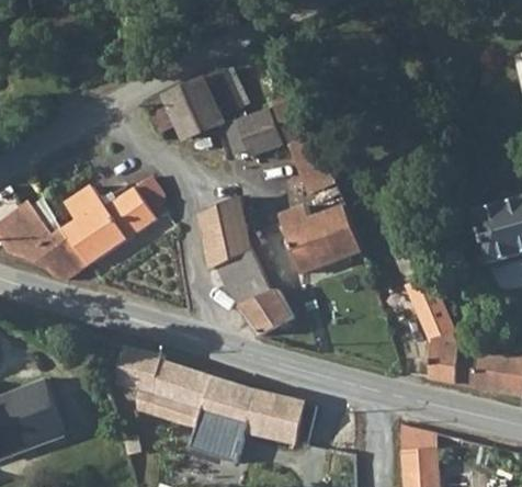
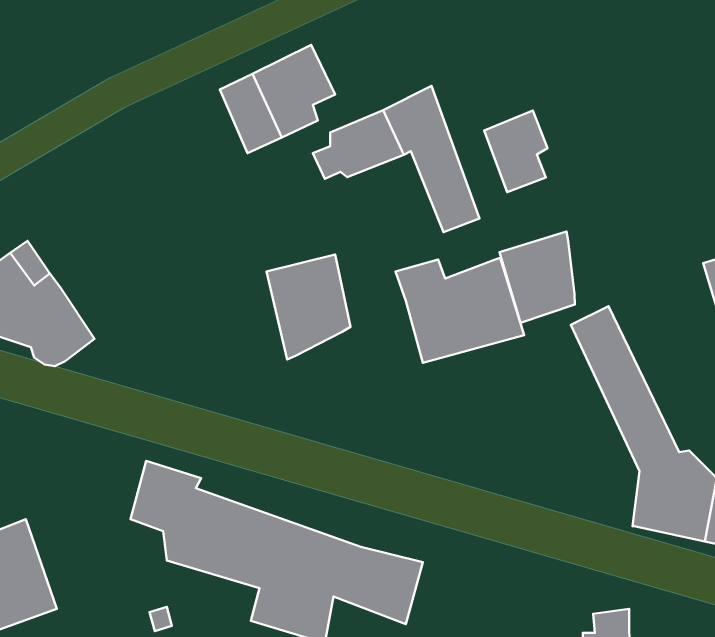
building: none -> [484,111,547,192]
building: [67,174,164,260] -> none
building: none -> [499,231,575,323]
building: [217,256,286,337] -> none

